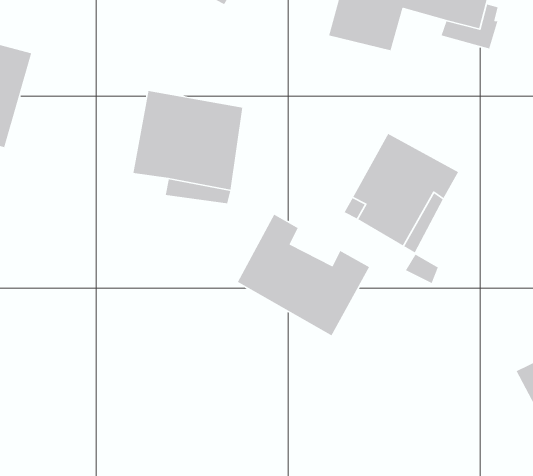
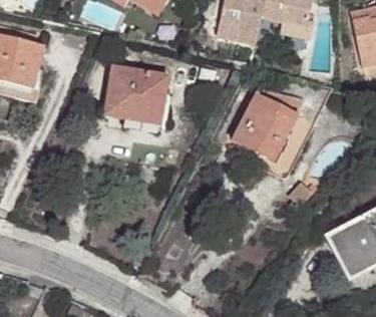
building: [237,213,370,336] -> none

